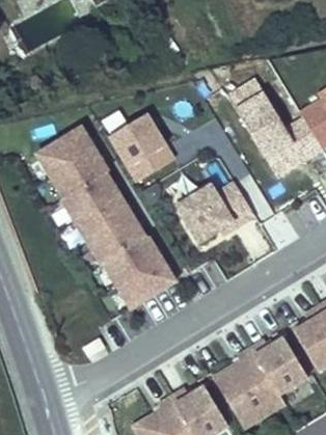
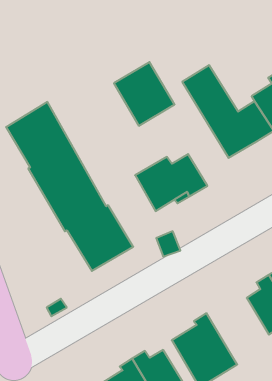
building: [107,108,172,176] -> [114,62,175,126]
building: [251,337,308,395] -> none

